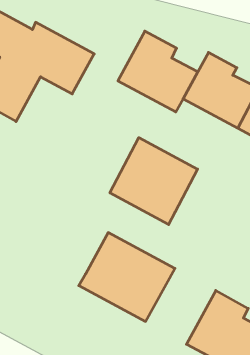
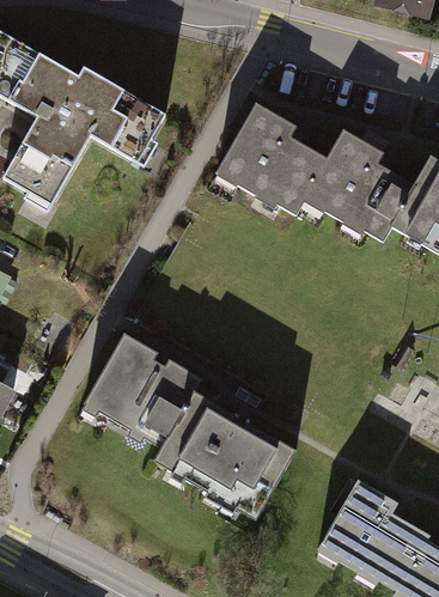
building: [110,138,198,225] -> none
building: none -> [78,329,203,449]

